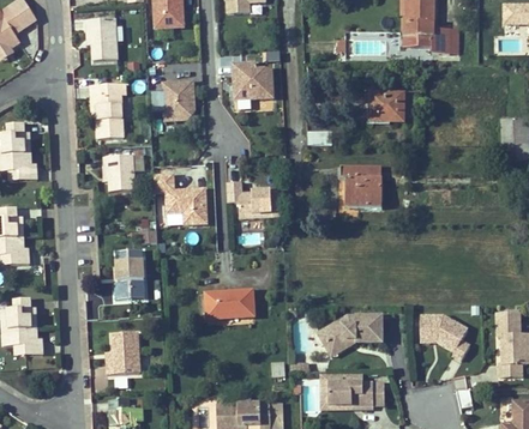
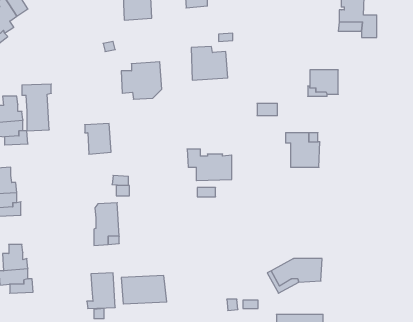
building: [85,17,116,60] -> none
building: [90,83,125,138] -> [22,84,51,131]
building: [150,175,205,228] -> none
building: [200,291,254,325] -> [121,276,167,304]
building: [421,315,471,359] -> none

